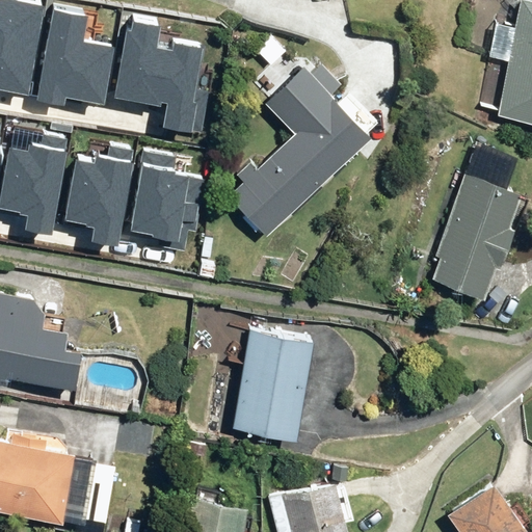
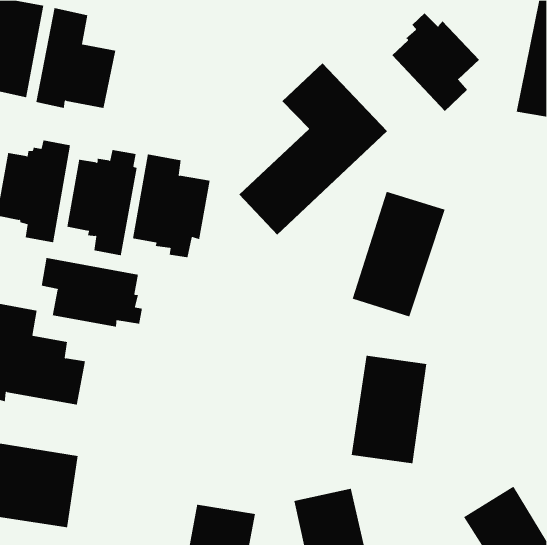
building: none -> [392,13,480,112]
building: [112,26,206,138] -> none
building: [431,172,522,294] -> [352,191,445,317]
building: none -> [41,257,143,327]
building: [235,336,309,441] -> [351,355,427,464]

